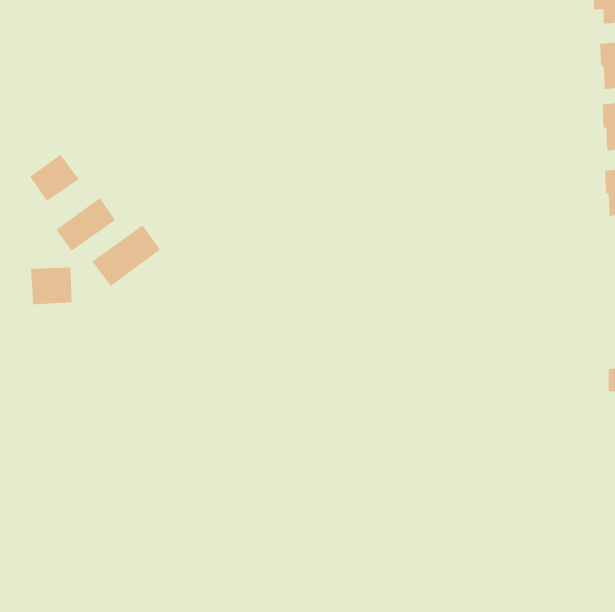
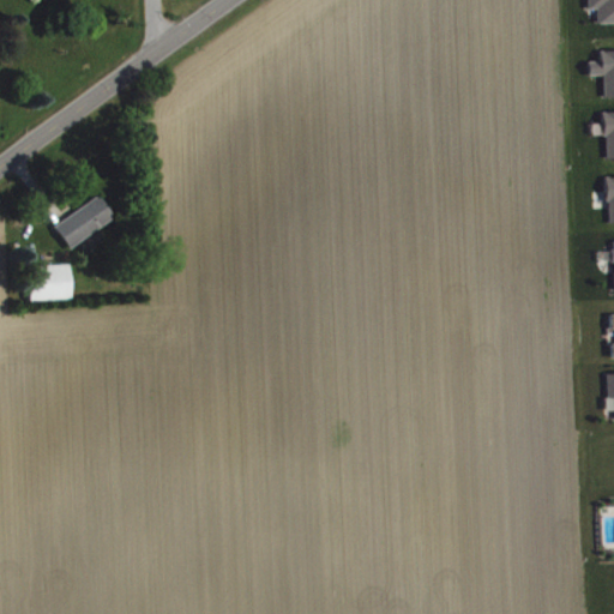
building: [30,154,79,202] -> none
building: [91,225,161,287] -> none

